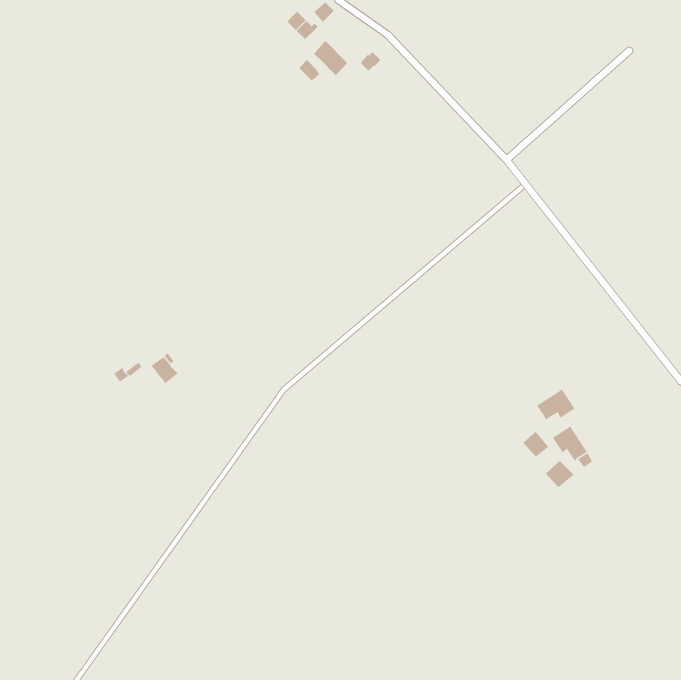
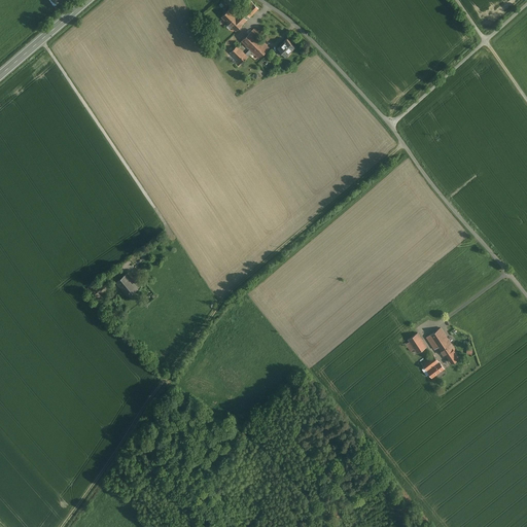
building: [536,388,576,421] -> none

